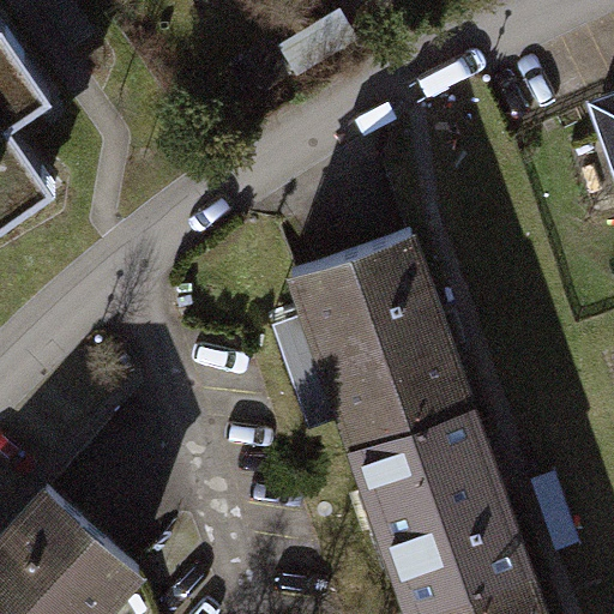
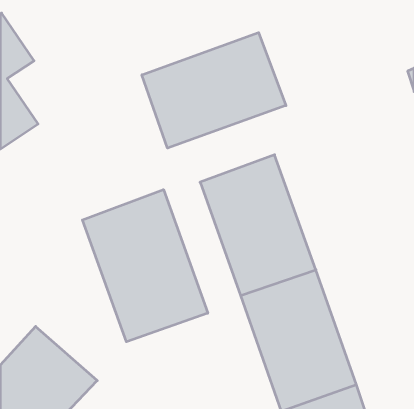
building: none -> [142,33,286,148]
building: none -> [82,190,208,342]

